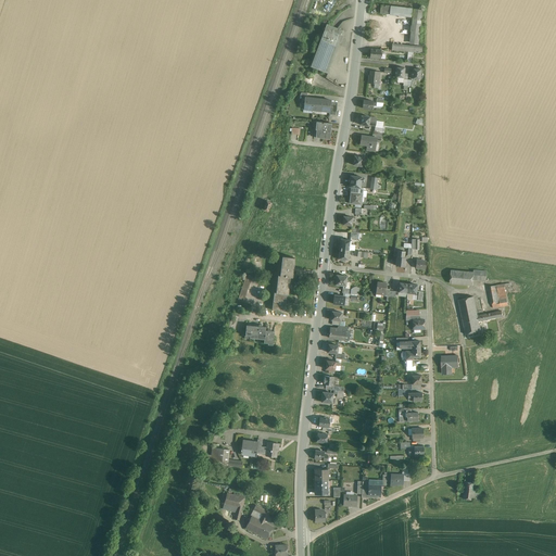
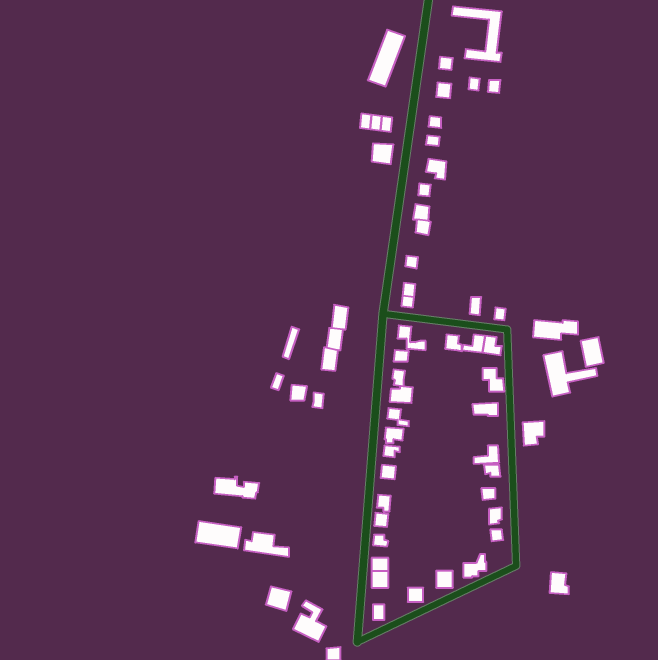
building: none -> [195,521,241,549]
building: [242,439,280,457] -> [214,477,259,499]

